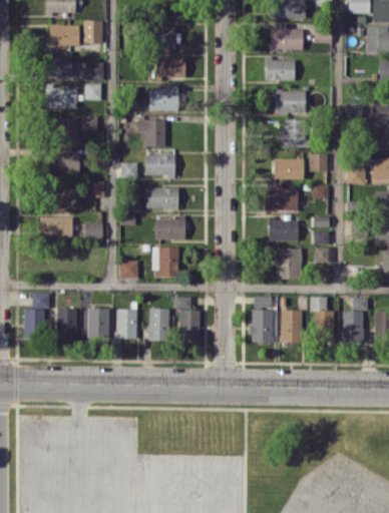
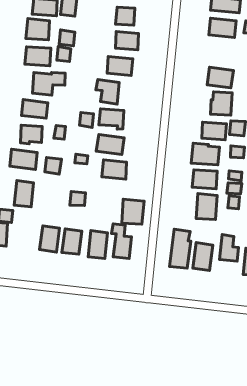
building: [266,59,295,81] -> none
building: [152,247,178,278] -> [122,199,144,224]
building: [56,308,77,339] -> [14,180,33,207]

